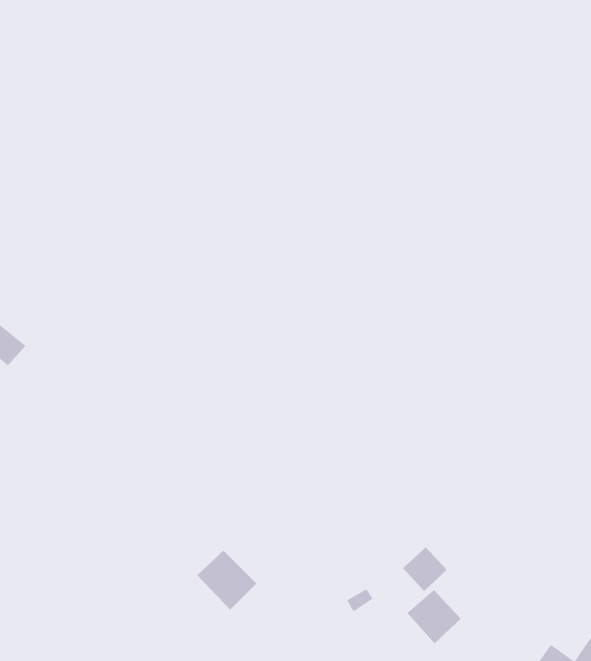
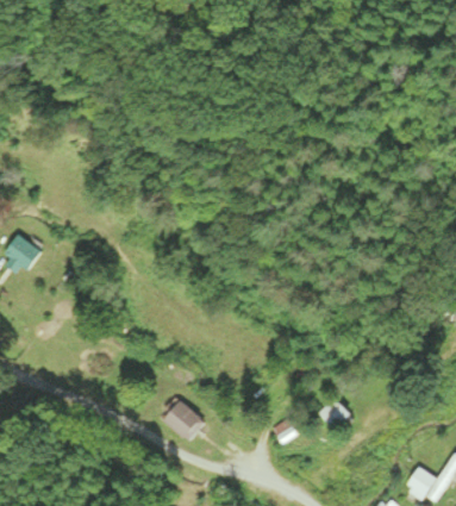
building: [407,589,462,644] -> none

